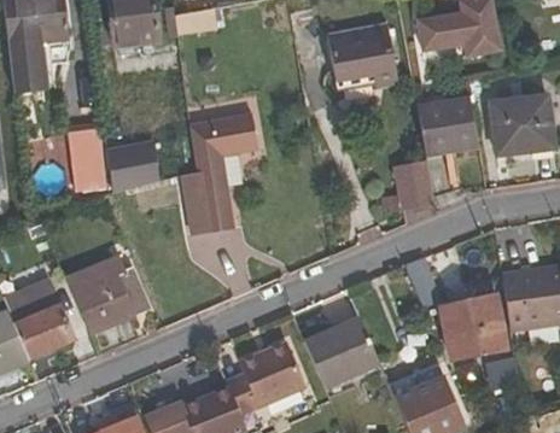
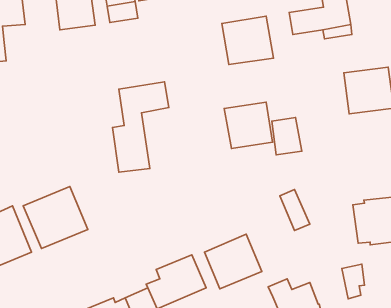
building: [415,99,479,160] -> [224,102,273,149]
building: [69,127,106,194] -> none
building: [107,144,159,194] -> none
building: [441,293,504,361] -> none

